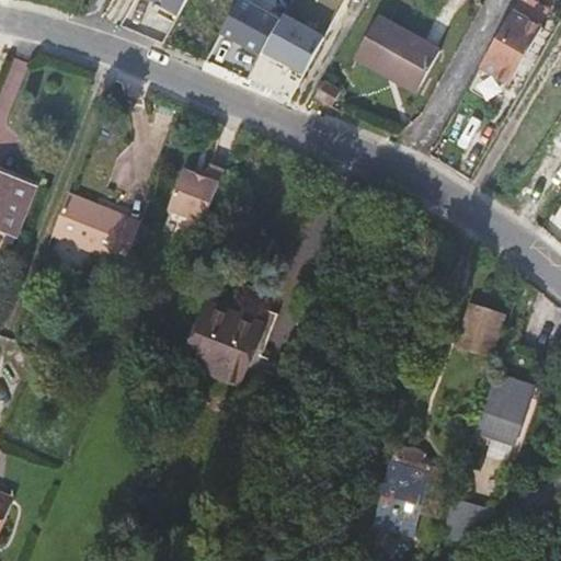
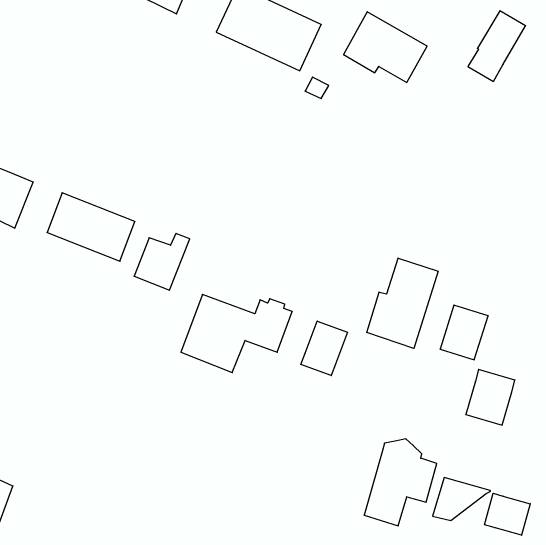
building: [168,163,225,221] -> [134,233,190,290]
building: none -> [367,258,438,348]
building: none -> [301,321,347,376]
building: none -> [485,493,530,535]

